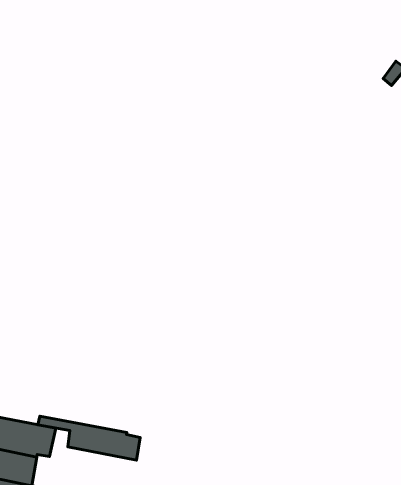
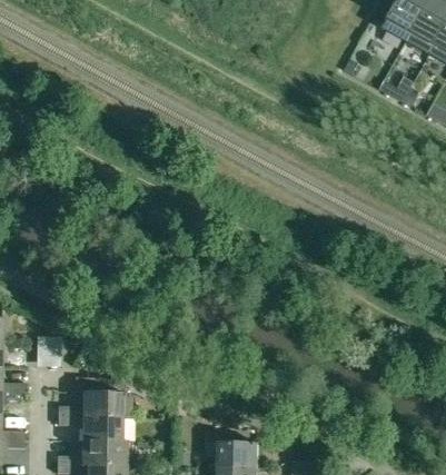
building: [38,416,140,460] -> none

